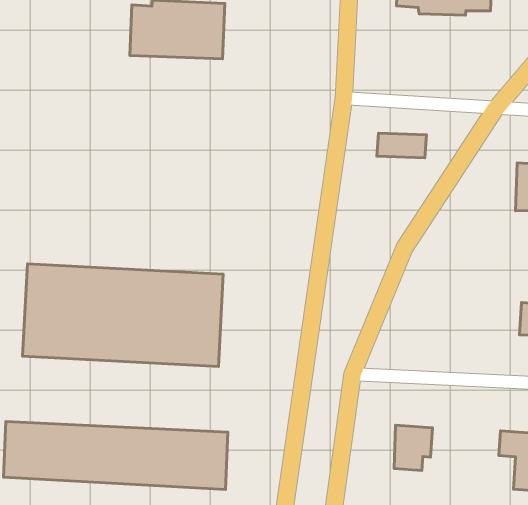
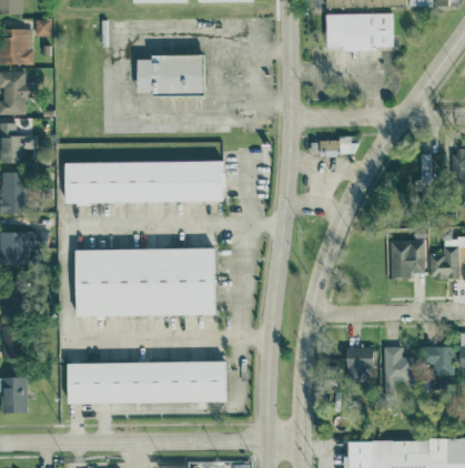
building: none -> [64,161,224,203]
building: none -> [391,240,425,278]
building: none -> [384,346,411,393]

